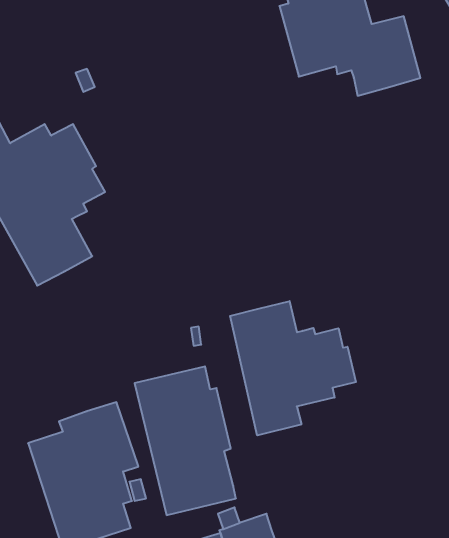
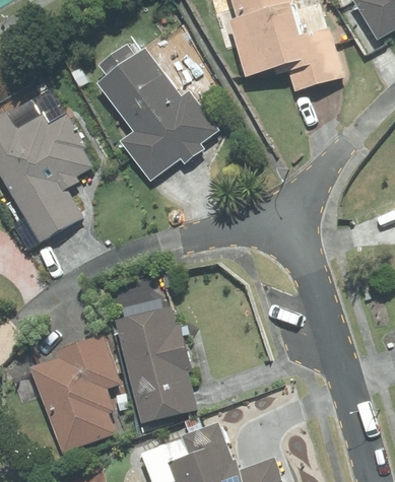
building: none -> [97,44,216,182]
building: [230,301,356,435] -> none

